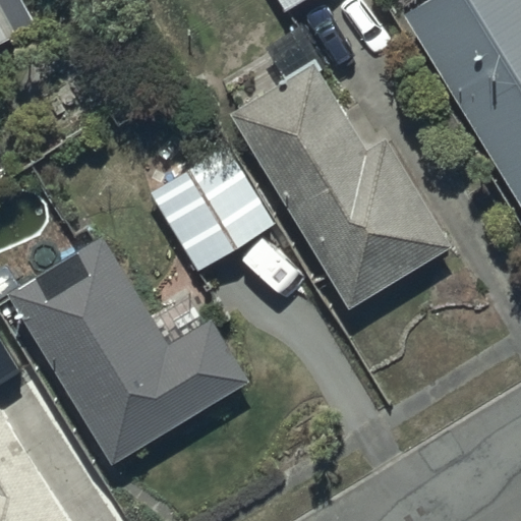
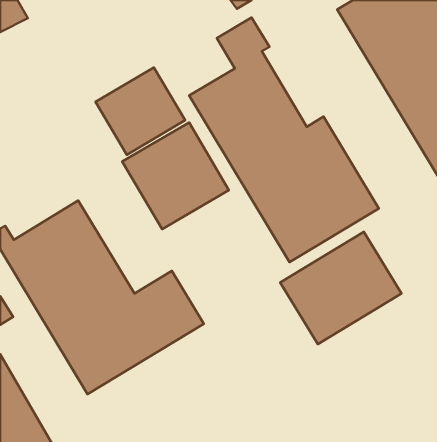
building: none -> [95,67,185,155]
building: none -> [280,232,401,344]

